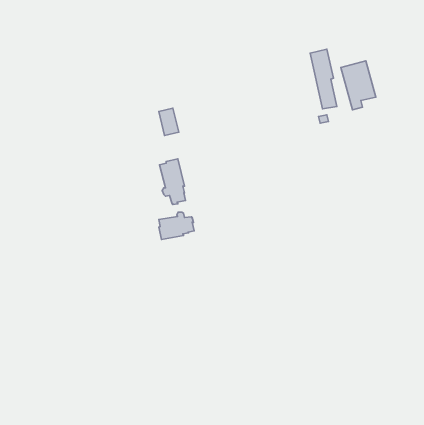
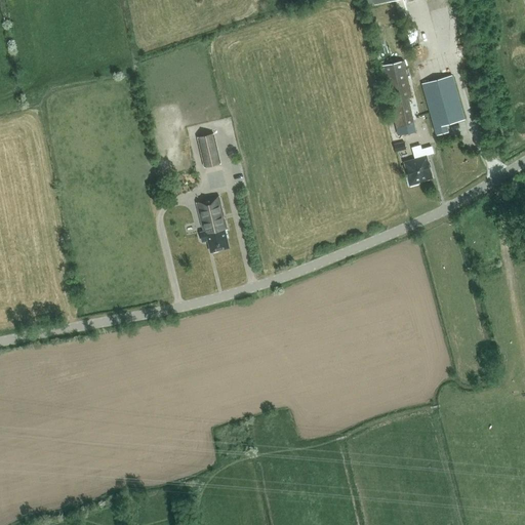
building: none -> [406,158,433,187]
building: [159,212,194,239] -> none

